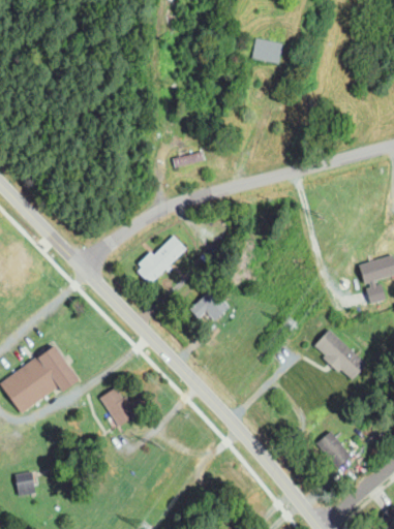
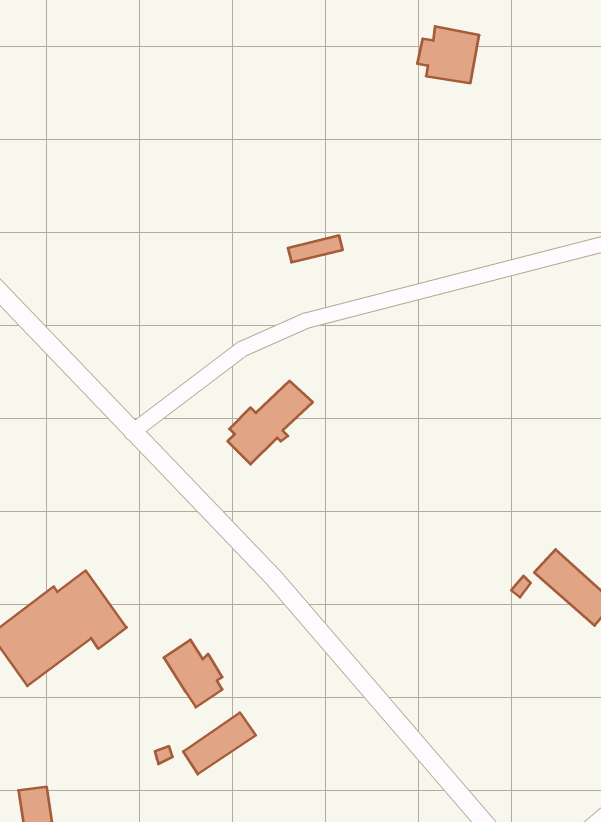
building: [190,288,231,321] -> none
building: none -> [183,713,256,774]
building: [317,432,351,467] -> none

